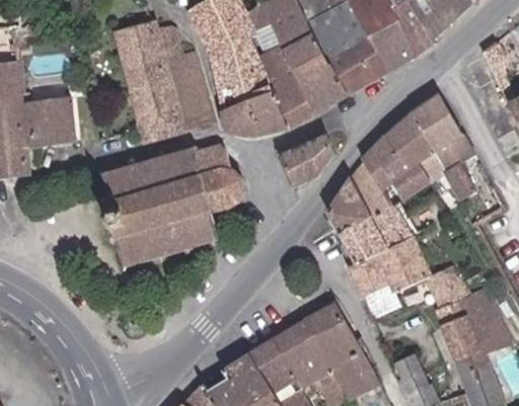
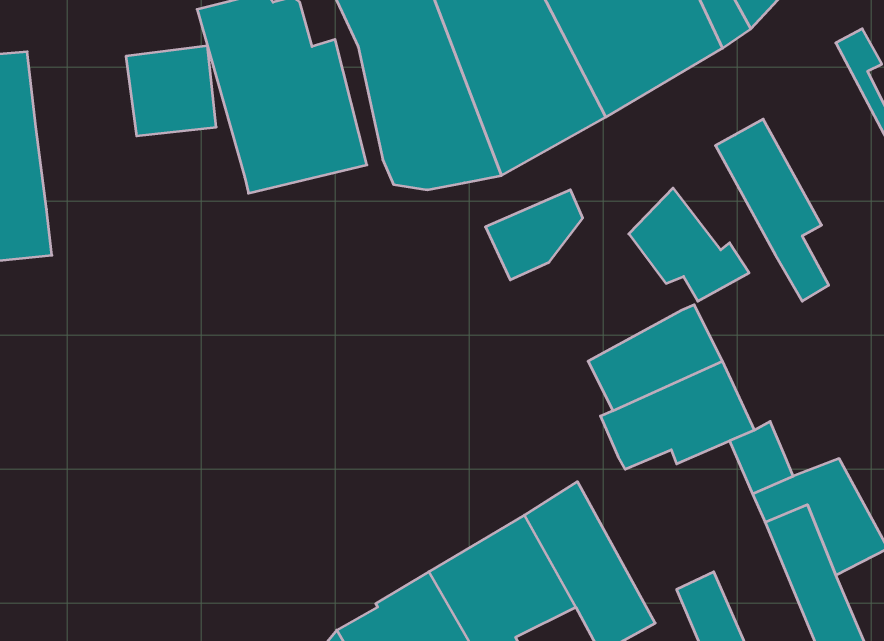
building: [22,95,74,147] -> [126,46,216,136]
building: [387,110,446,183] -> none
building: [97,143,243,273] -> none
building: [327,161,392,234] -> none

